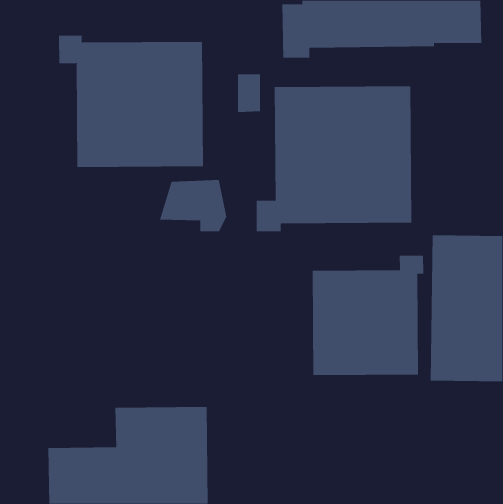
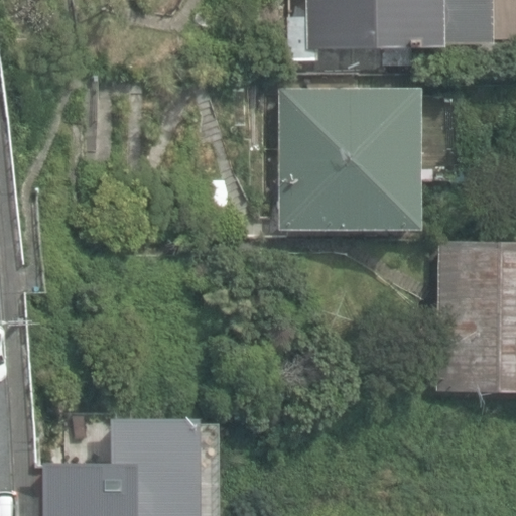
building: [59,35,203,168] -> none
building: [312,255,424,376] -> none

